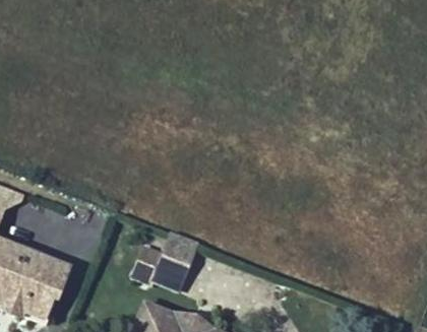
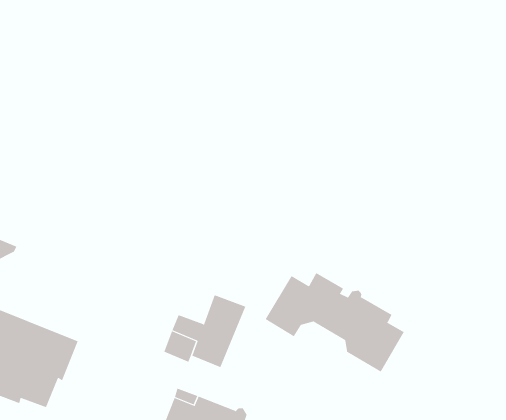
building: none -> [265,272,405,372]

